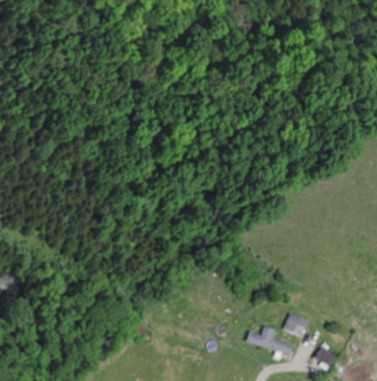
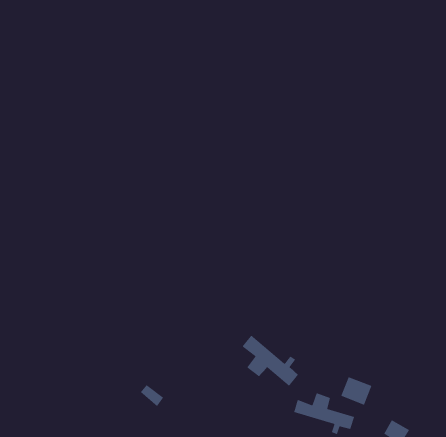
building: none -> [242,335,299,387]

